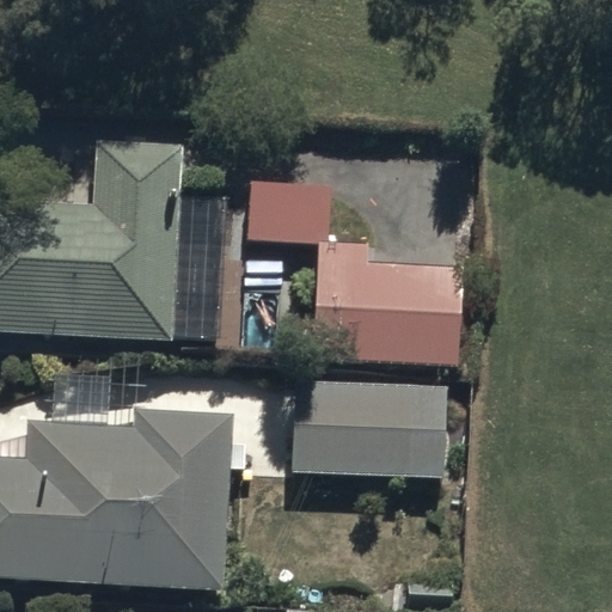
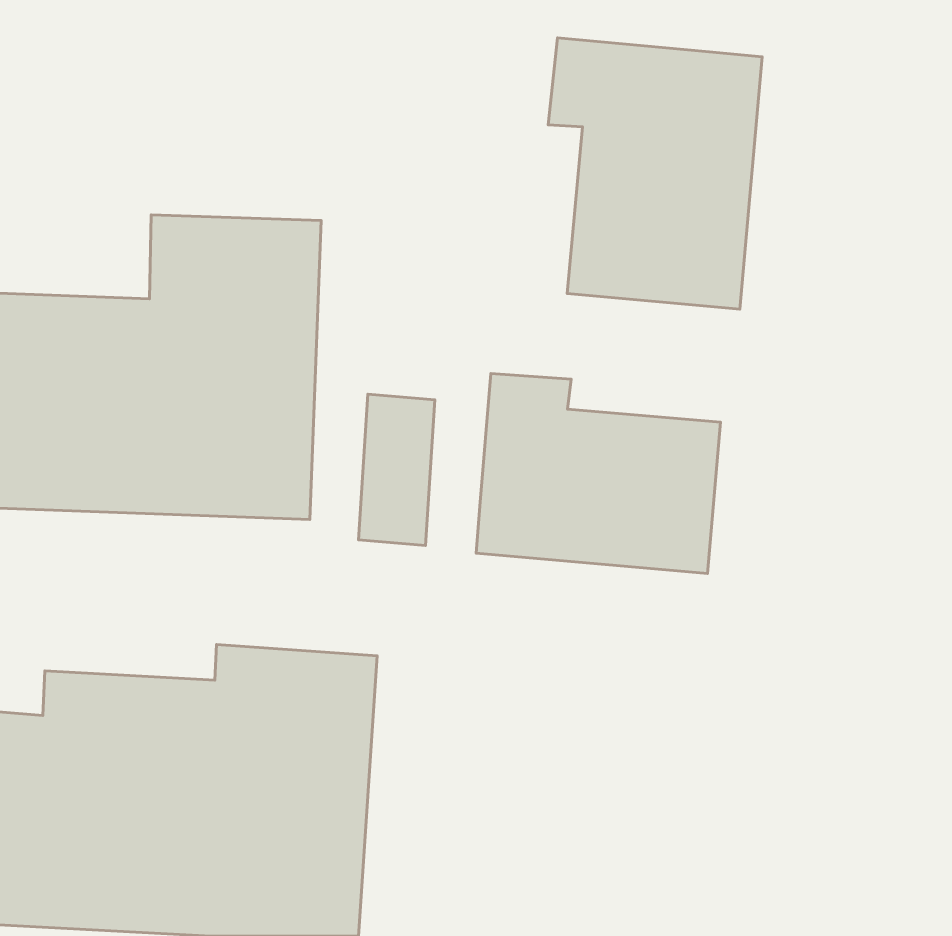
building: none -> [548,38,762,309]
building: [284,378,446,475] -> none

